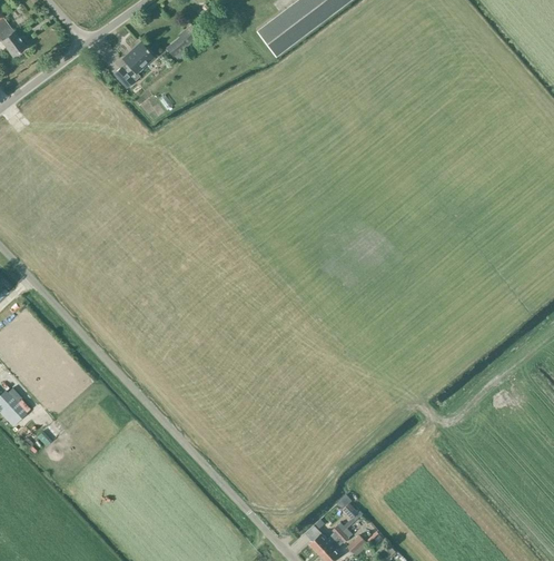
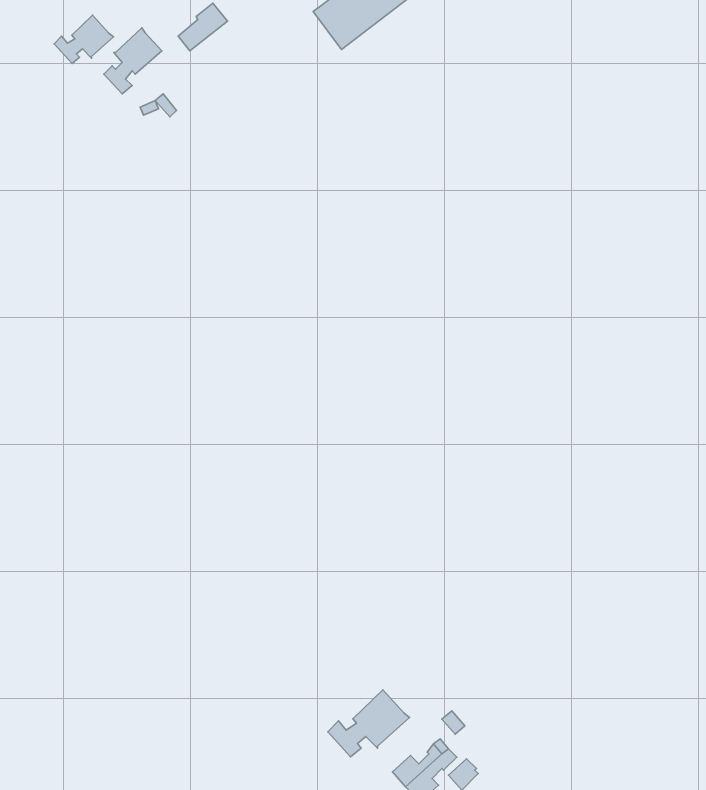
building: none -> [54,15,113,63]
building: none -> [328,690,410,757]

